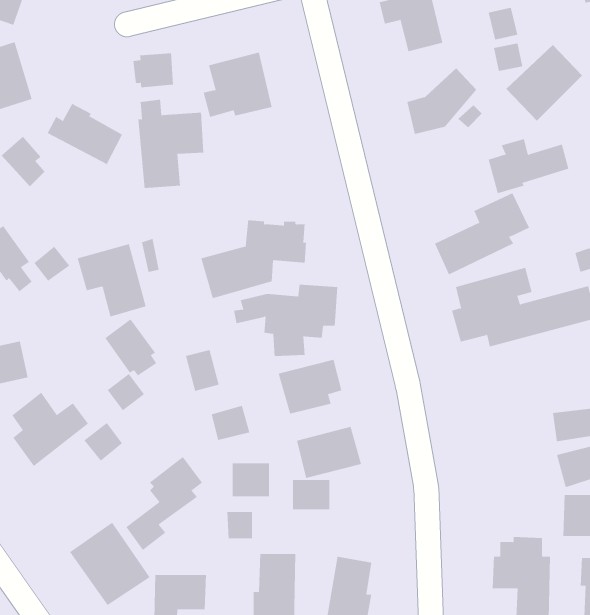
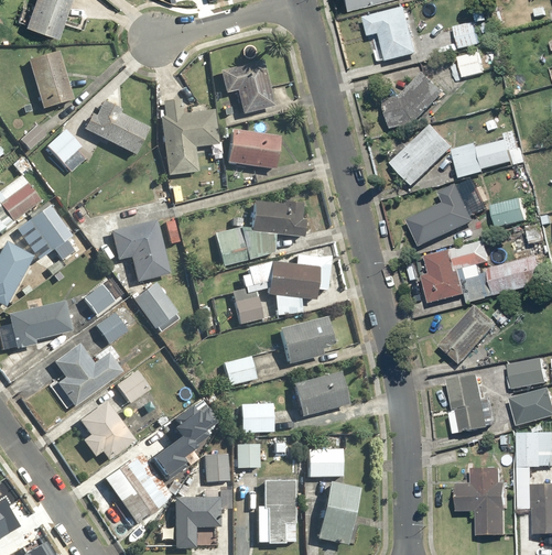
building: [505,44,583,122] -> [390,120,455,185]
building: [133,52,174,88] -> none
building: none -> [228,129,280,167]
building: none -> [493,197,528,227]
building: [33,246,70,281] -> [83,284,113,314]
building: none -> [443,304,499,362]
building: [185,349,219,391] -> [232,289,261,324]
building: [107,373,145,411] -> [96,311,128,342]
building: none -> [450,371,490,432]
building: none -> [80,402,133,458]
building: [292,480,330,510] -> [309,449,340,475]
building: none -> [206,455,227,480]

